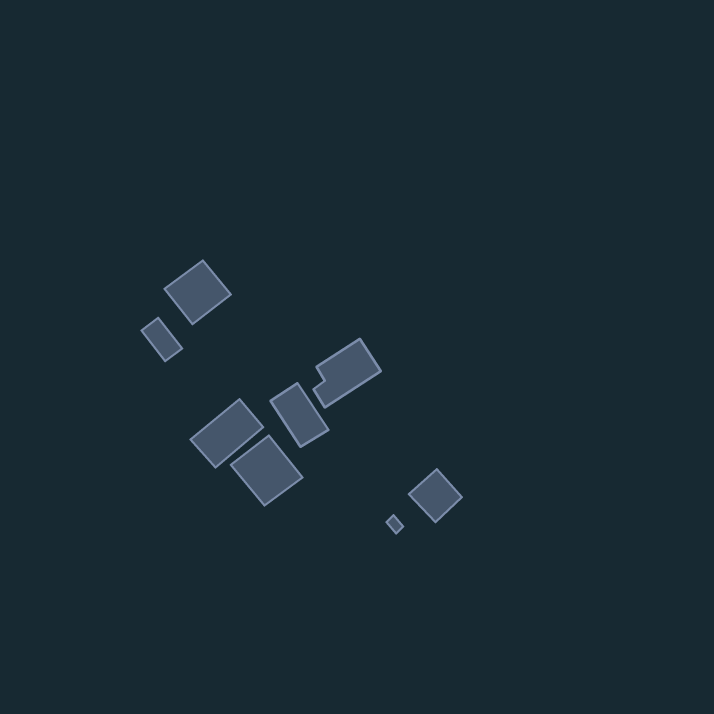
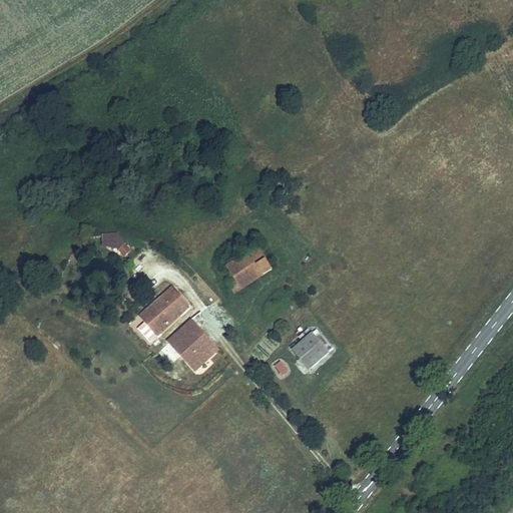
building: [165,261,231,324] -> none
building: [270,383,328,447] -> none

